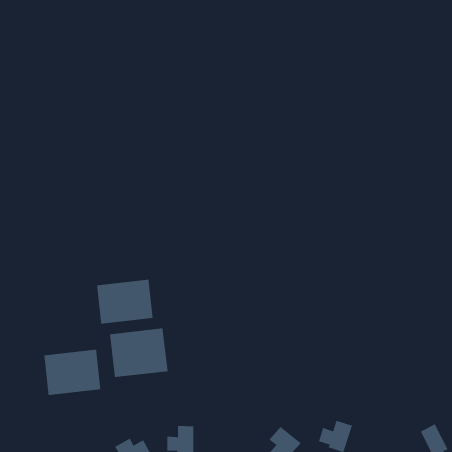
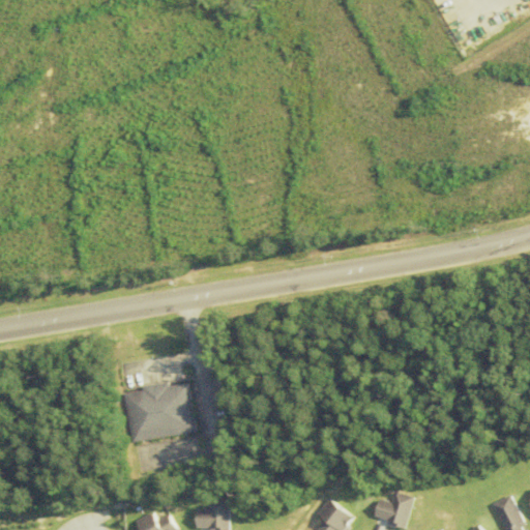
building: [97,279,153,324] -> none
building: [44,349,101,396] -> none

